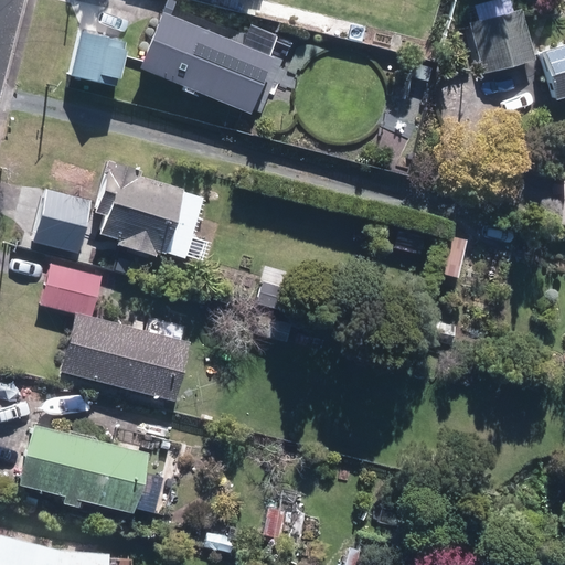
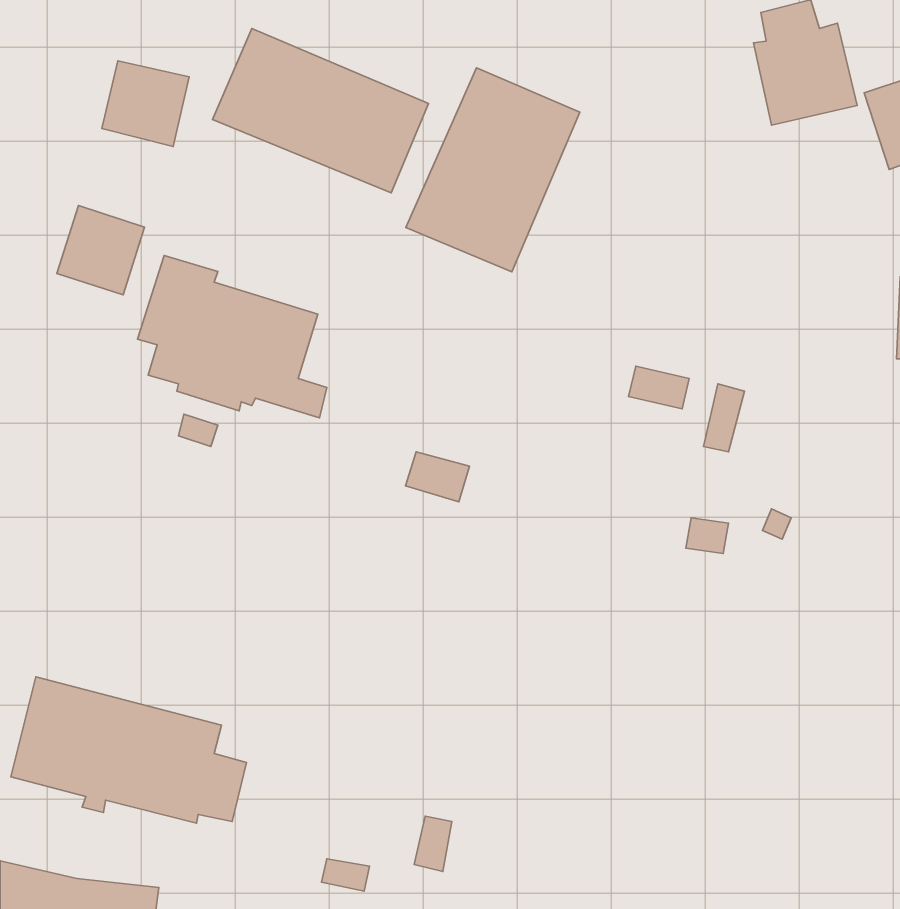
building: none -> [406,68,580,272]
building: [39,191,93,246] -> [57,206,144,295]
building: [41,263,190,402] -> none

